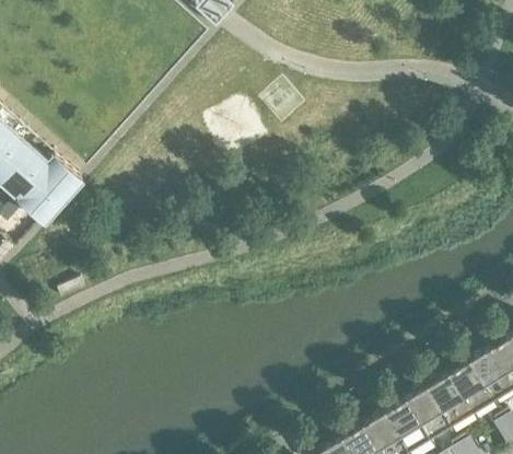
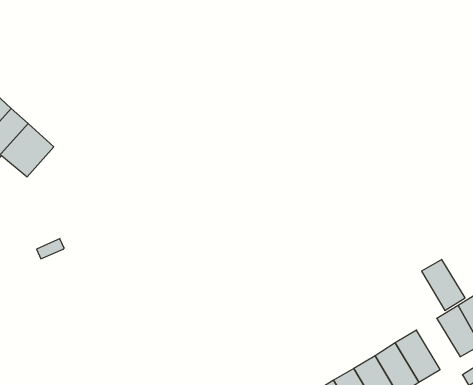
building: [447,364,492,417] -> [422,259,465,311]

